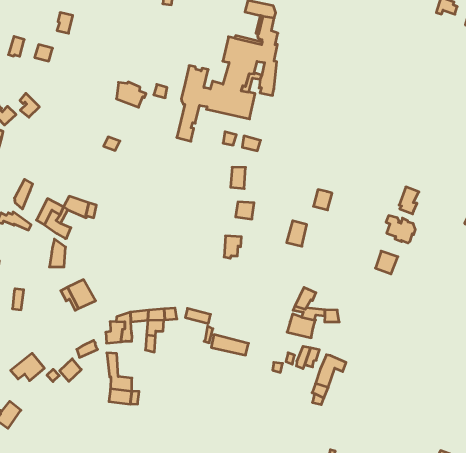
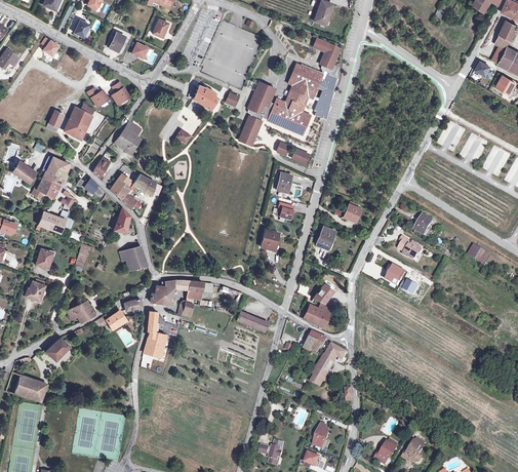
building: none -> [114,121,141,154]

